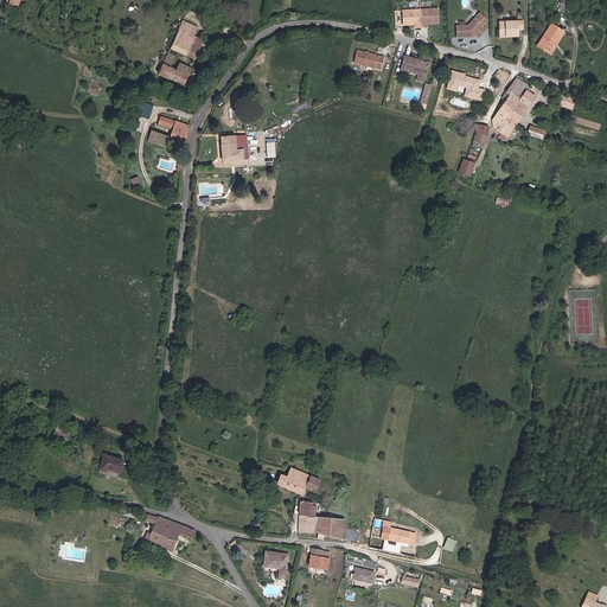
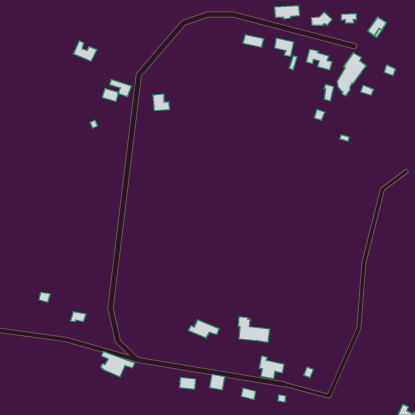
building: [172,23,204,58] -> none
building: [159,55,193,84] -> [73,41,97,61]
building: [296,500,343,537] -> [238,317,270,342]

